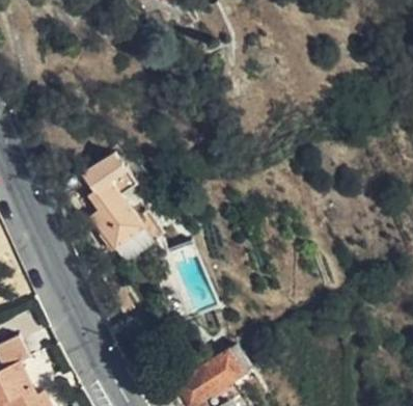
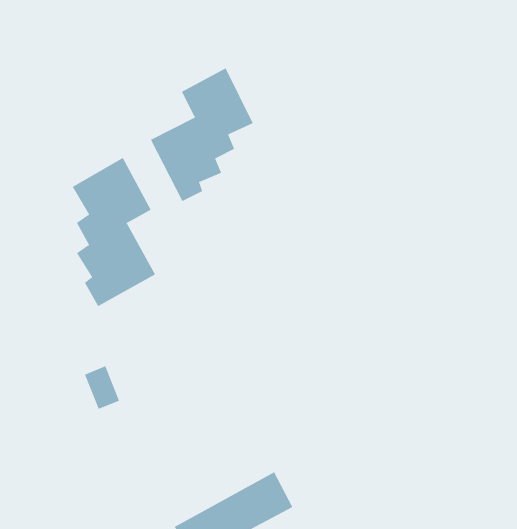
building: none -> [150,68,253,202]

